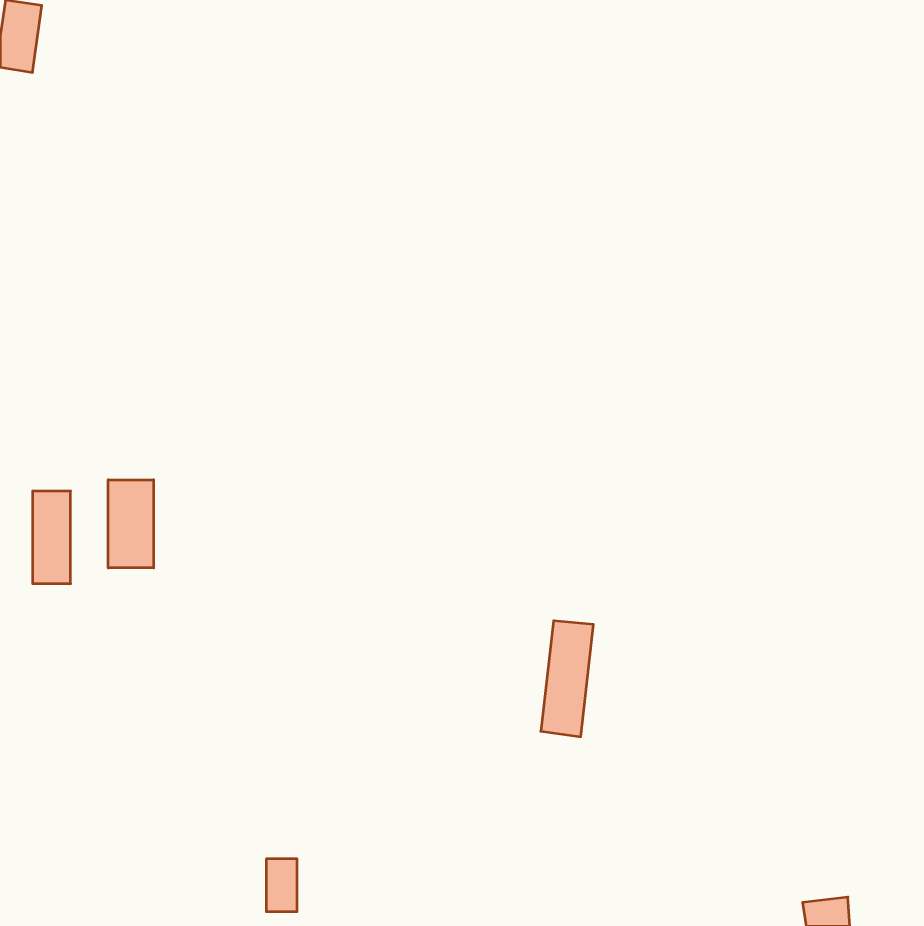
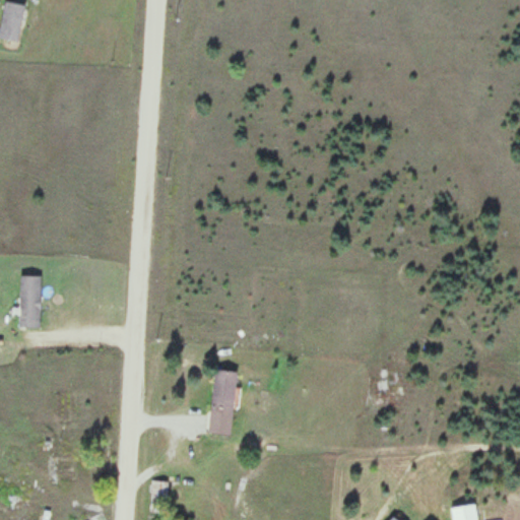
building: [108,480,154,568] -> none
building: [541,621,593,737] -> [208,371,238,436]

